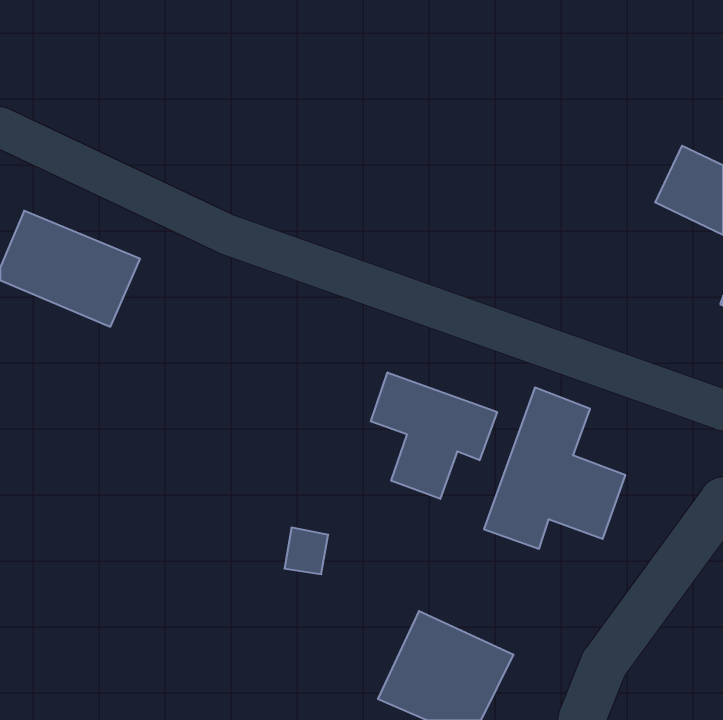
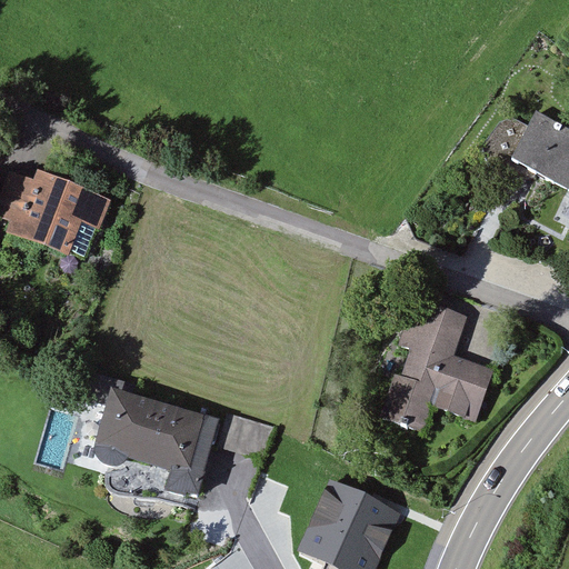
building: [371,372,497,499] -> none
building: none -> [97,388,216,483]

